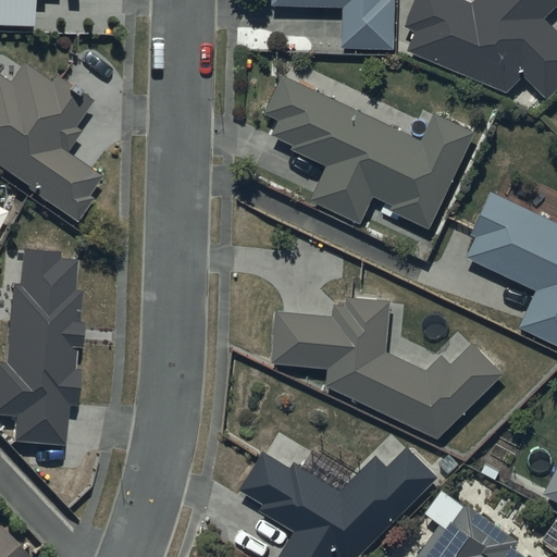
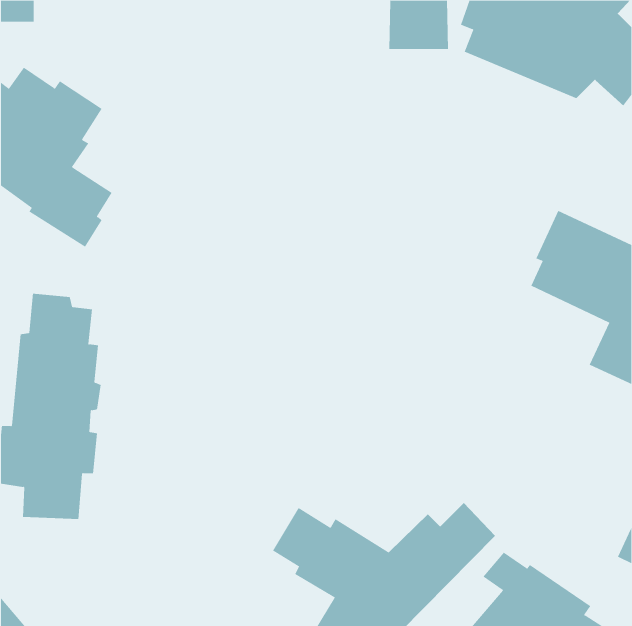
building: [265,75,473,227] -> none
building: [272,296,504,440] -> none

